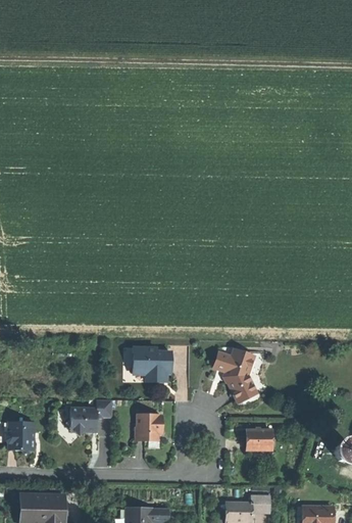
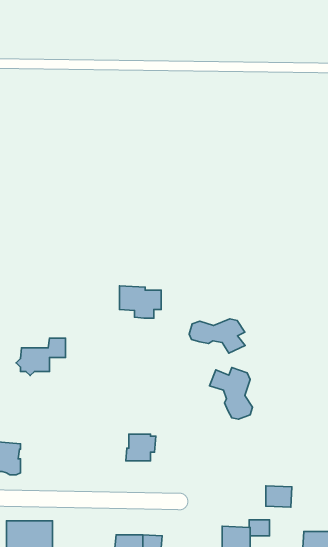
building: none -> [189,319,245,353]
building: [133,347,172,378] -> [119,286,161,318]
building: [66,400,113,436] -> [16,338,65,376]
building: [249,429,273,449] -> [266,486,292,507]

